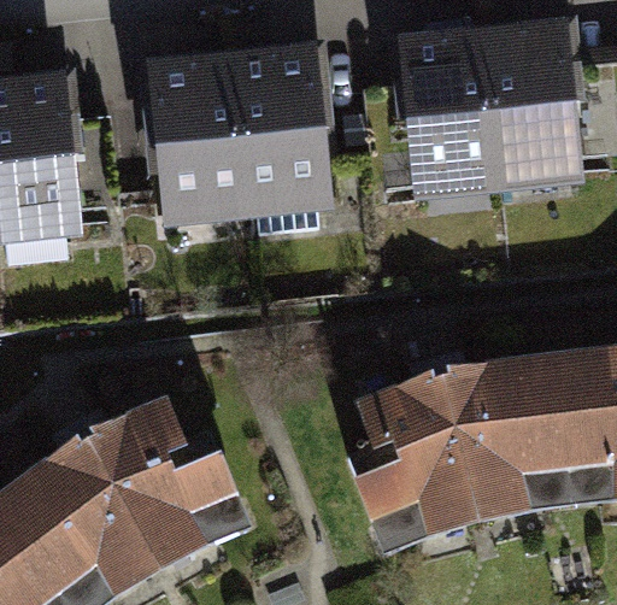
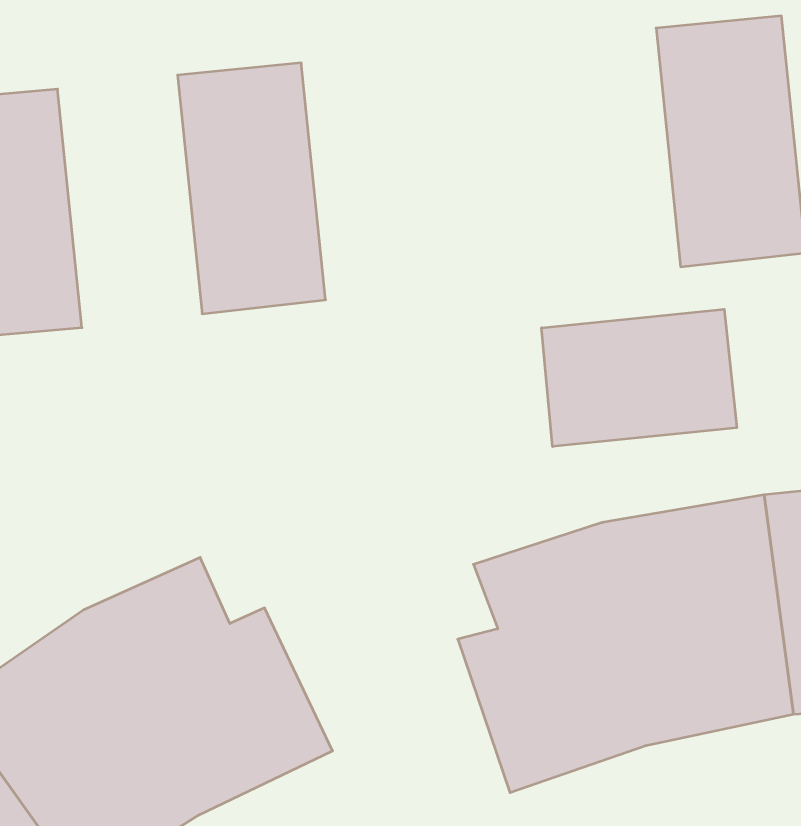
building: [395,28,498,201] -> none
building: [235,42,339,216] -> none
building: none -> [542,309,737,447]

